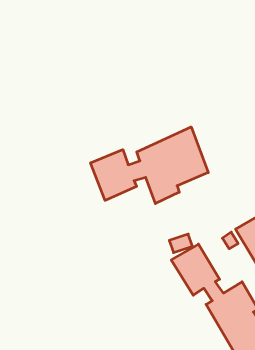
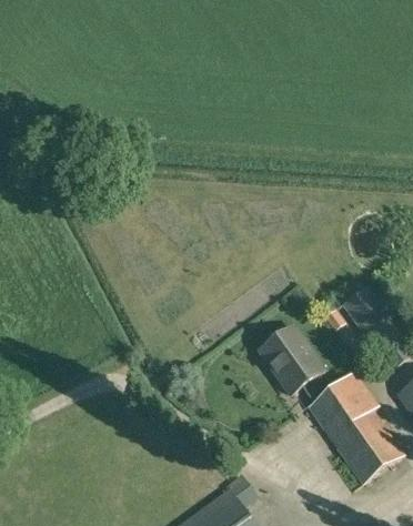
building: [91,127,208,204] -> none

